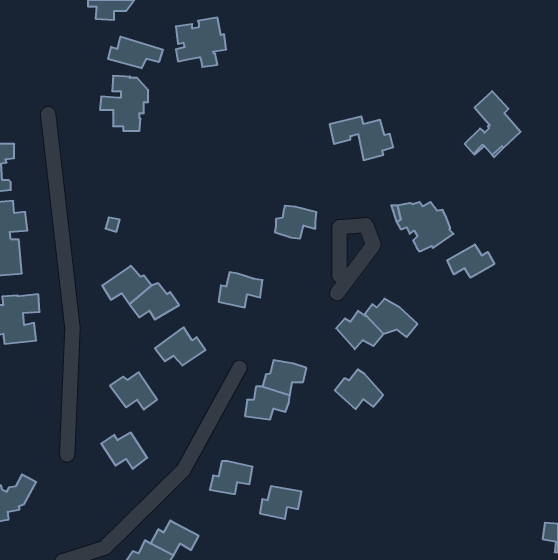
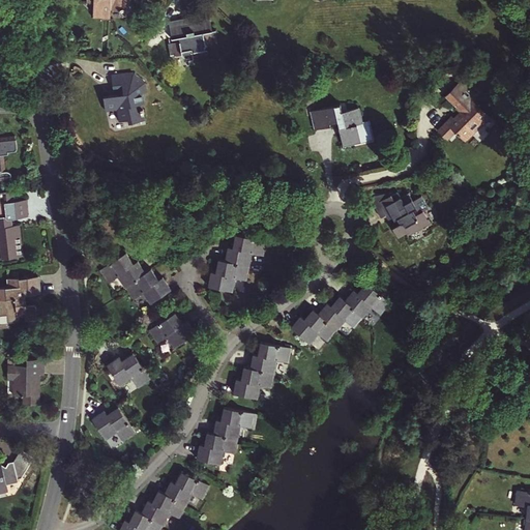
building: [108,37,163,68] -> none
building: [275,206,317,239] -> [224,234,263,265]
building: [447,244,494,278] -> none
building: [335,369,383,409] -> [289,306,334,344]
building: none -> [7,358,43,404]
building: [260,486,302,519] -> [214,410,254,441]
building: none -> [166,472,211,506]

